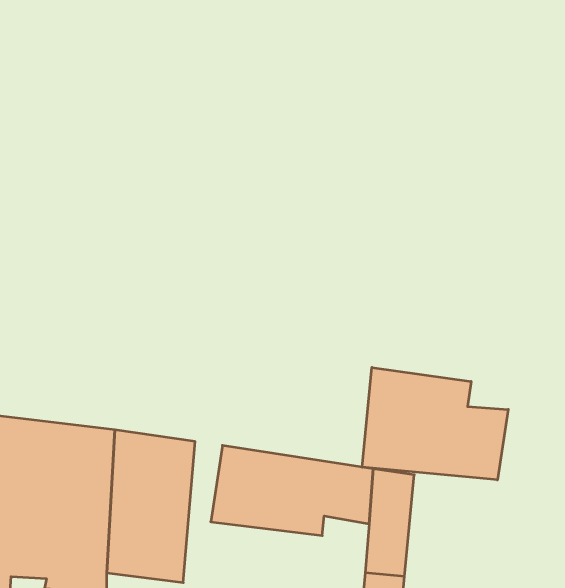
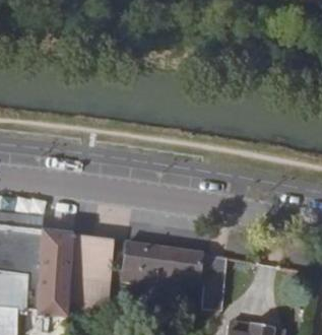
building: [362,367,508,480] -> none

